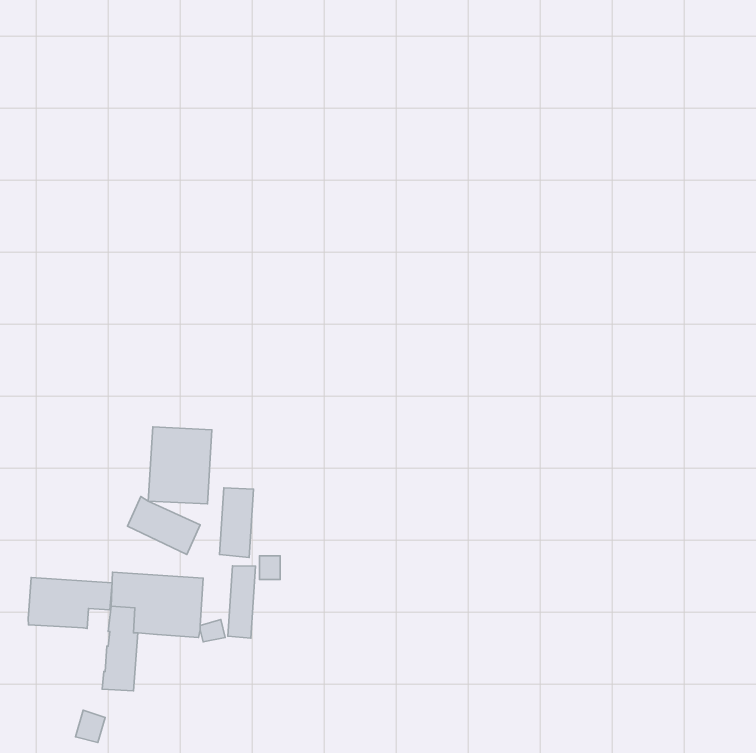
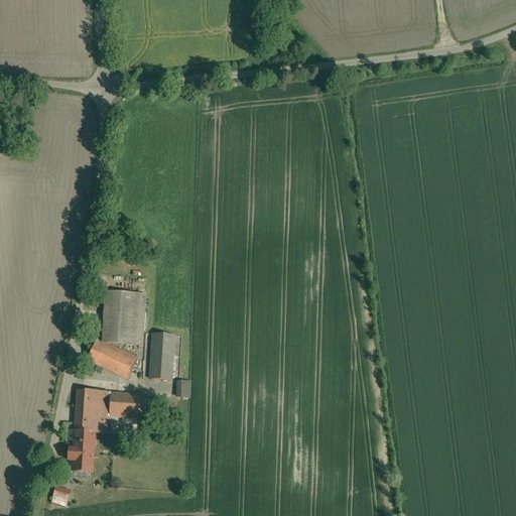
building: [228,566,255,638] -> none
building: [28,577,112,628] -> none

